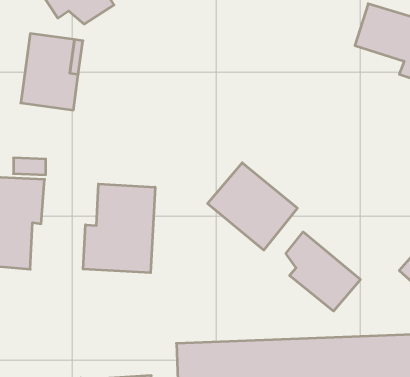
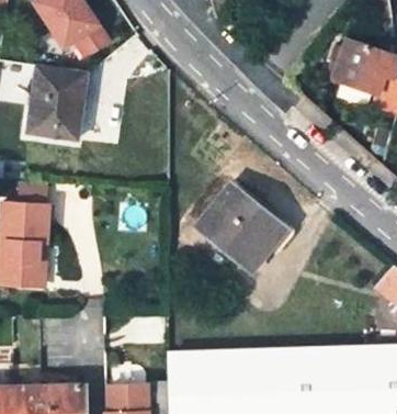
building: [83,184,155,273] -> none
building: [286,232,360,311] -> none

